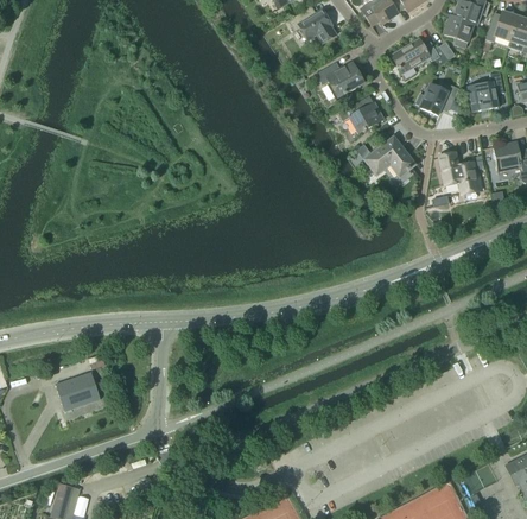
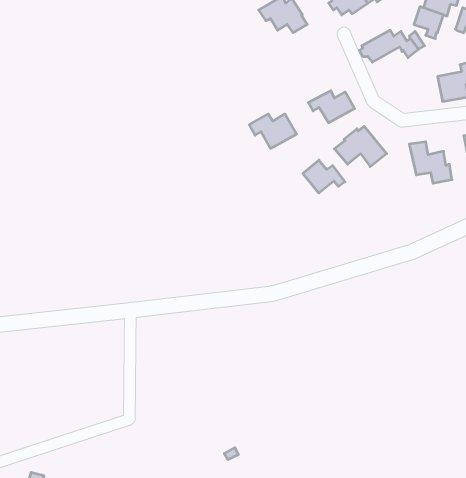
building: [317,62,364,96] -> [249,114,297,148]
building: [415,83,459,114] -> none
building: none -> [303,160,345,193]
building: [56,371,101,410] -> none

